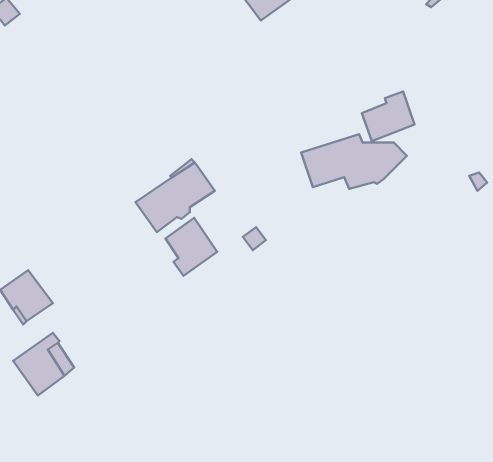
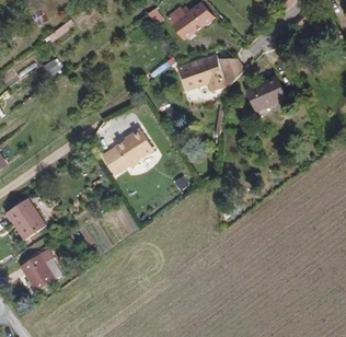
building: [301,134,407,189] -> [181,53,251,89]
building: [165,218,217,276] -> none

